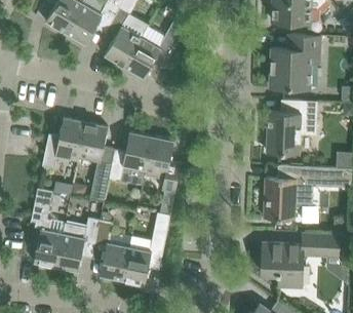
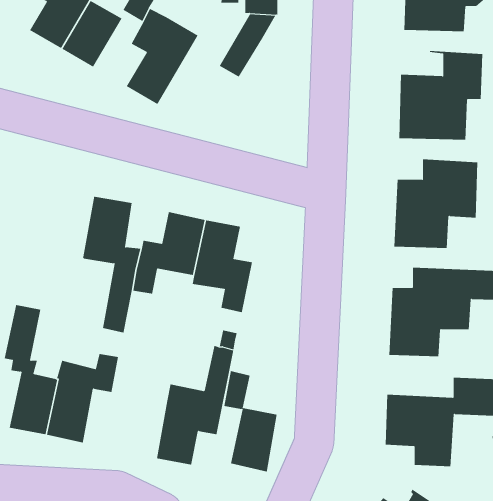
building: [123,37,160,78] -> none
building: [41,118,84,168] -> none
building: [95,220,128,281] -> [223,370,278,472]

